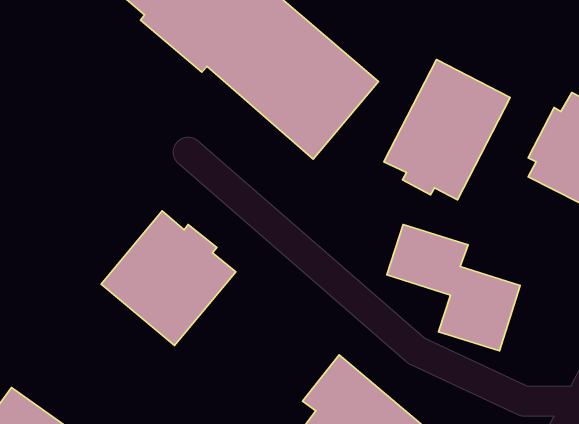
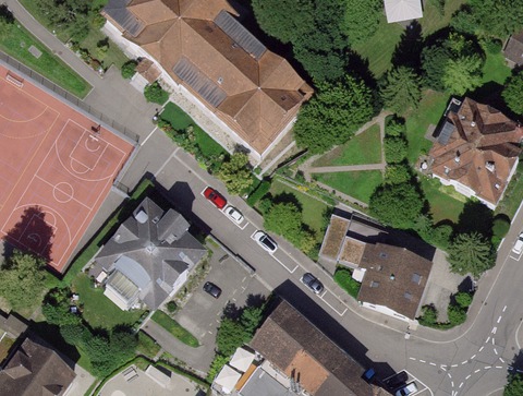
building: [384,60,510,200] -> none

